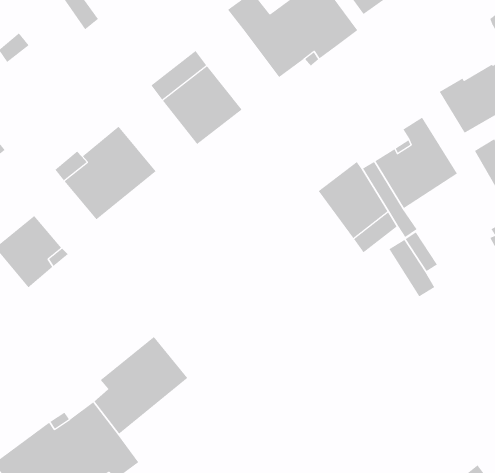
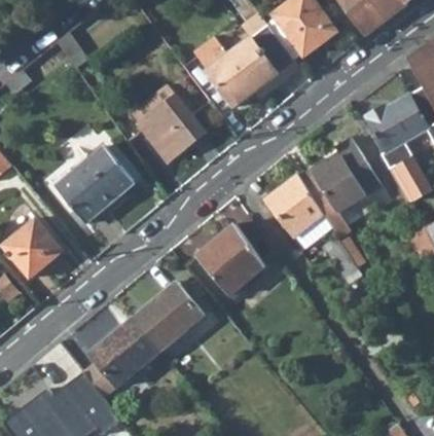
building: none -> [196,224,265,297]
building: none -> [133,282,204,352]

